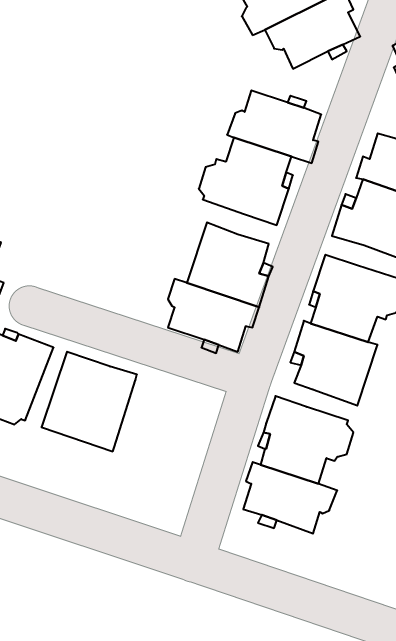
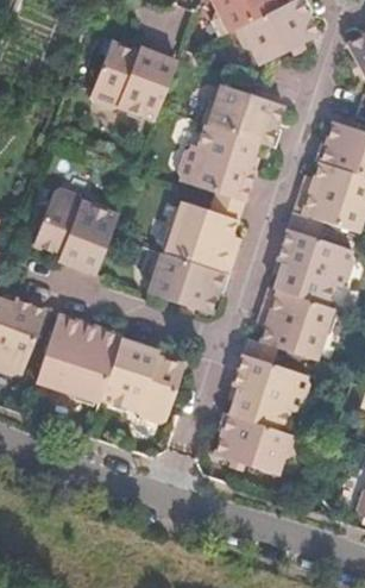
building: none -> [92,39,178,118]
building: none -> [33,188,119,274]
building: none -> [101,339,184,424]

